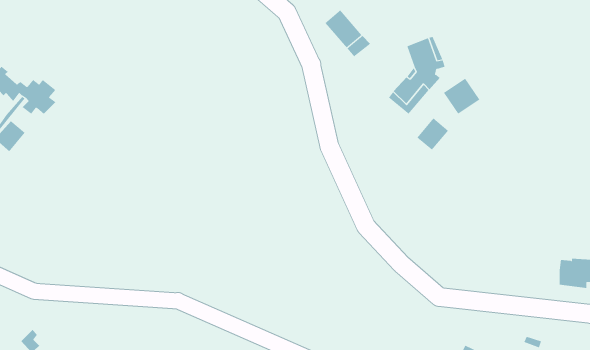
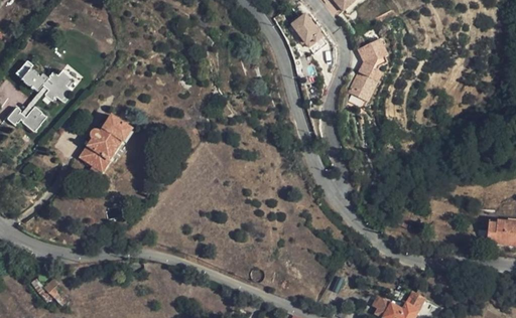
building: [443,78,480,115] -> none
building: [417,118,449,150] -> none
building: none -> [80,112,132,171]

